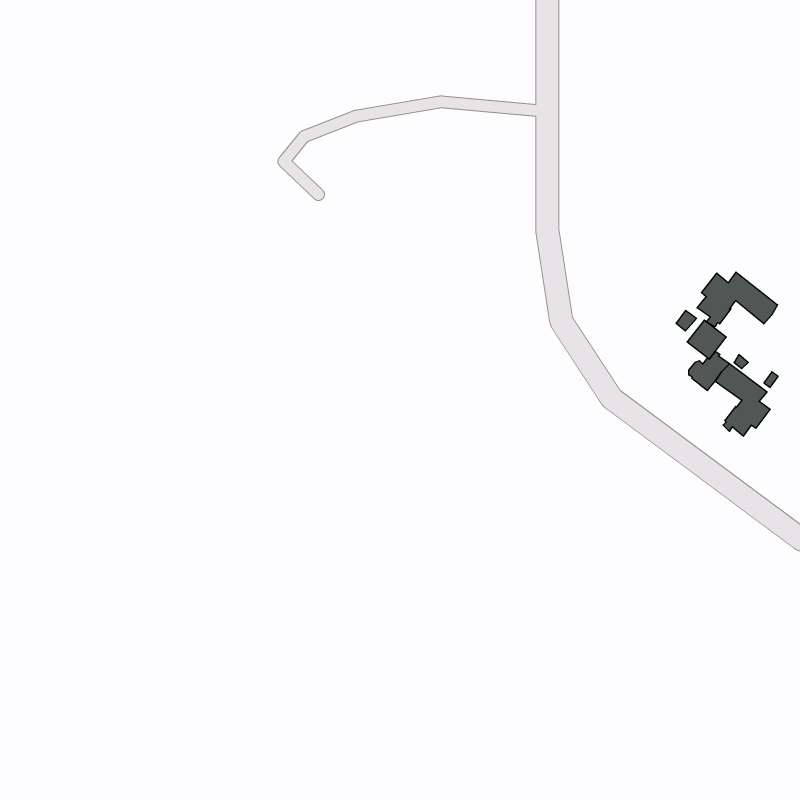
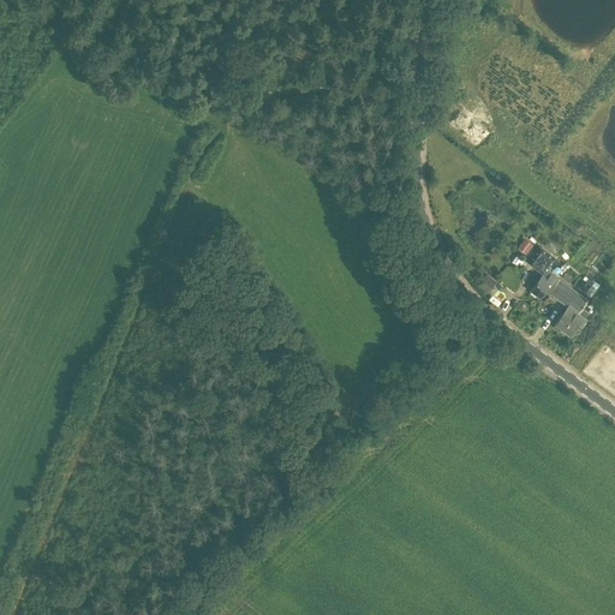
building: [697,272,778,327] -> none

